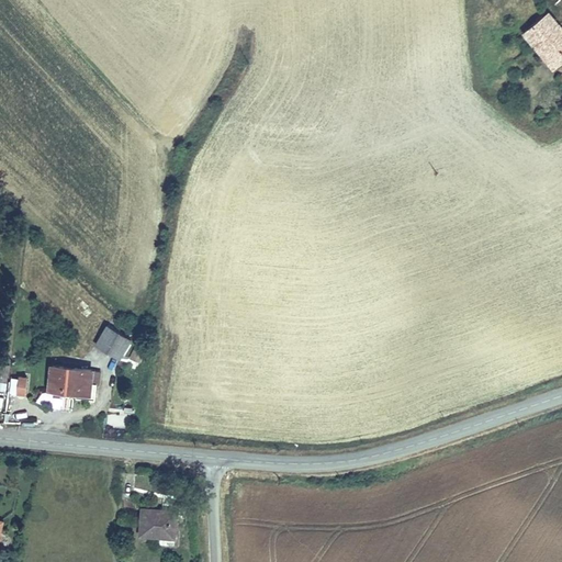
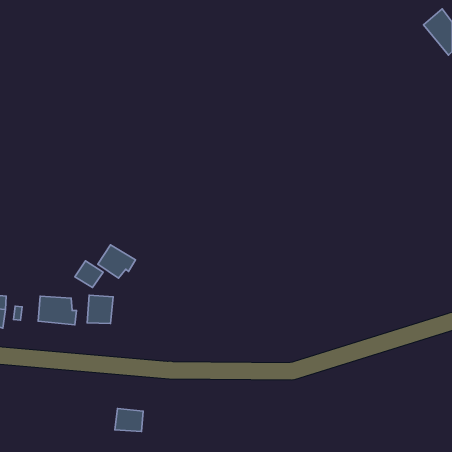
building: none -> [98,245,135,278]
building: none -> [87,295,113,323]

